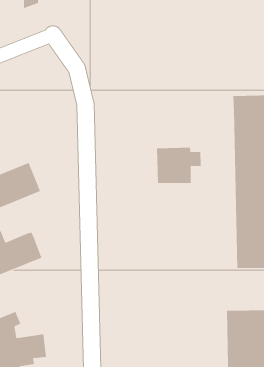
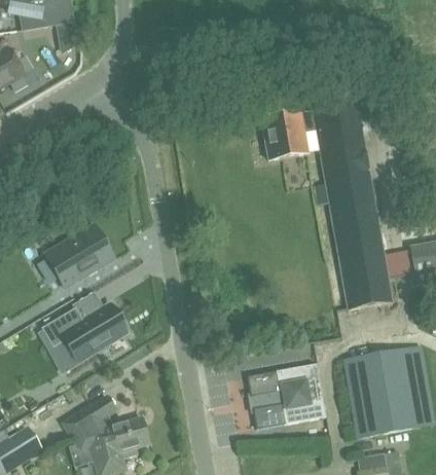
building: [156,147,202,184] -> [261,111,316,158]
building: none -> [247,363,325,428]

